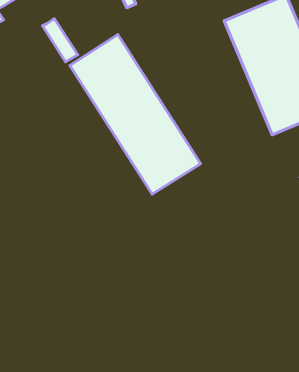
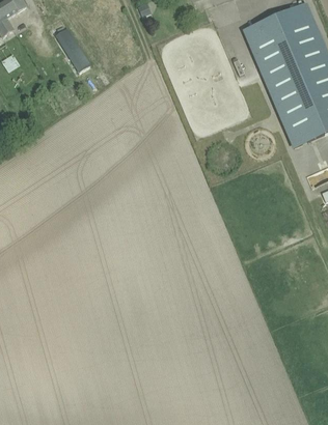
building: [70,35,201,194] -> none

